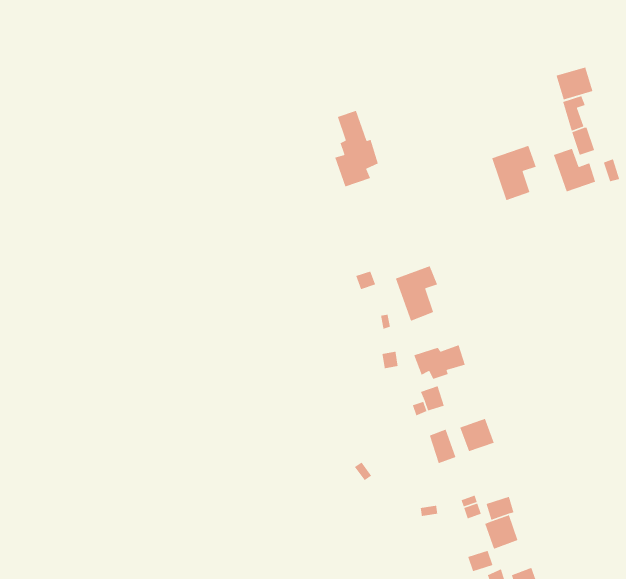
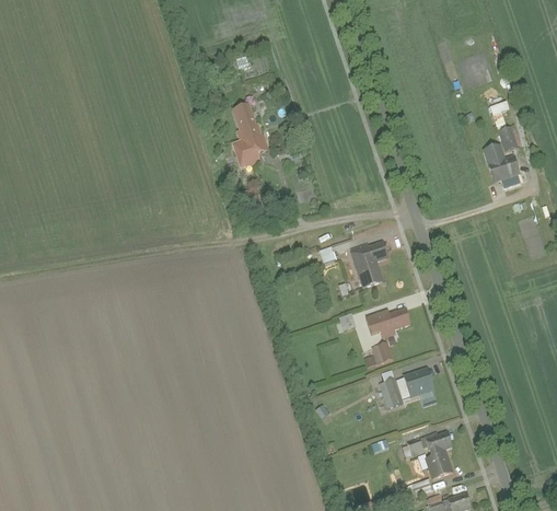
building: [555,66,594,100] -> none
building: [334,110,379,188] -> [231,103,268,167]
building: [491,145,537,201] -> none

